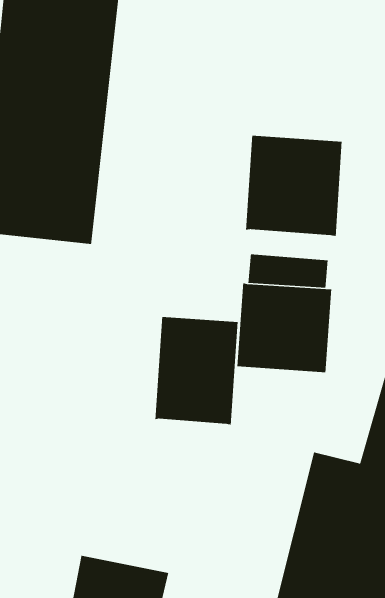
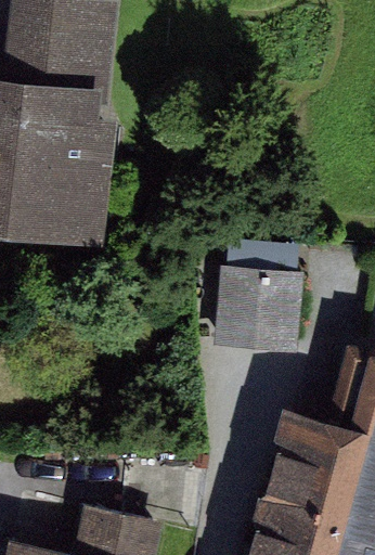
building: [245,135,343,237] -> none
building: [155,316,238,425] -> none

